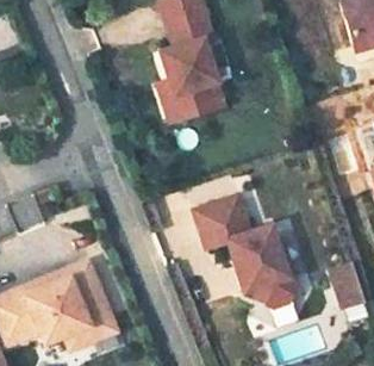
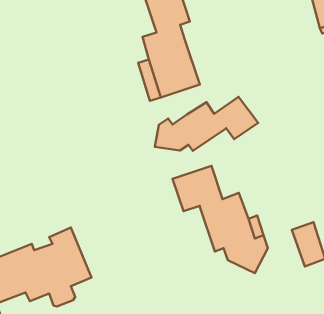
building: none -> [155,97,258,151]

